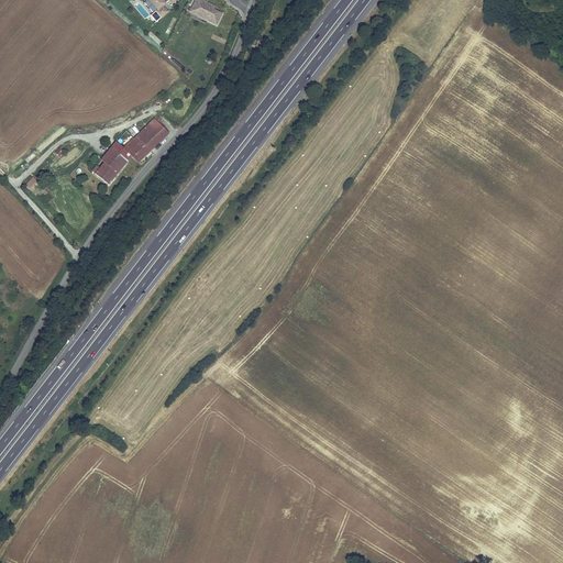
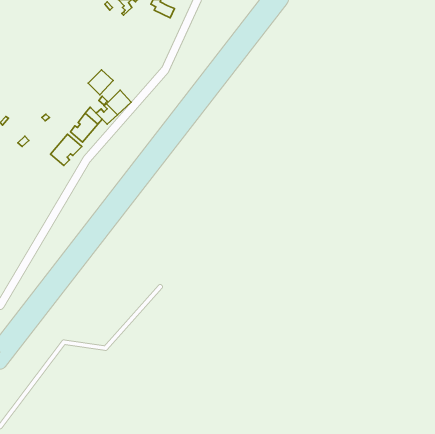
building: none -> [88,70,113,95]
building: none -> [51,134,82,166]

